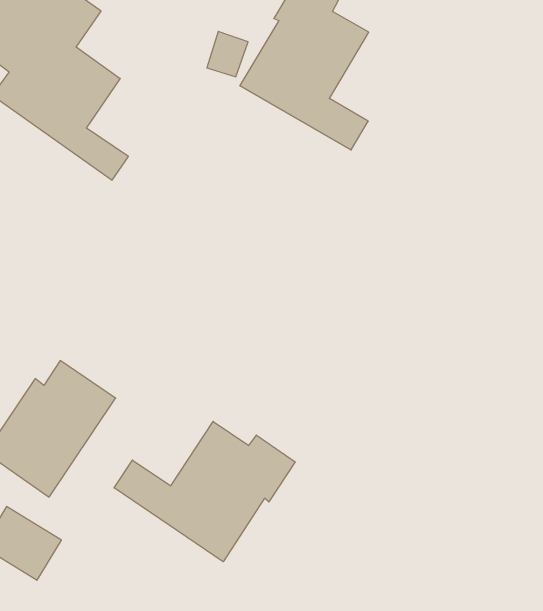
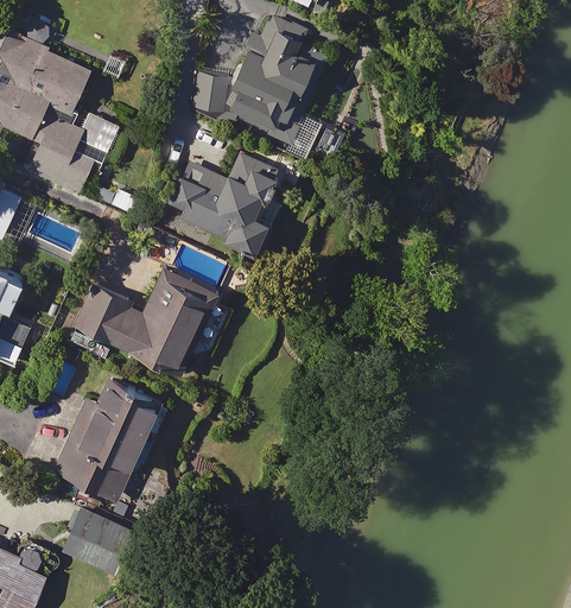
building: none -> [170,154,280,256]
building: none -> [71,265,217,375]
building: [114,421,295,562] -> none

